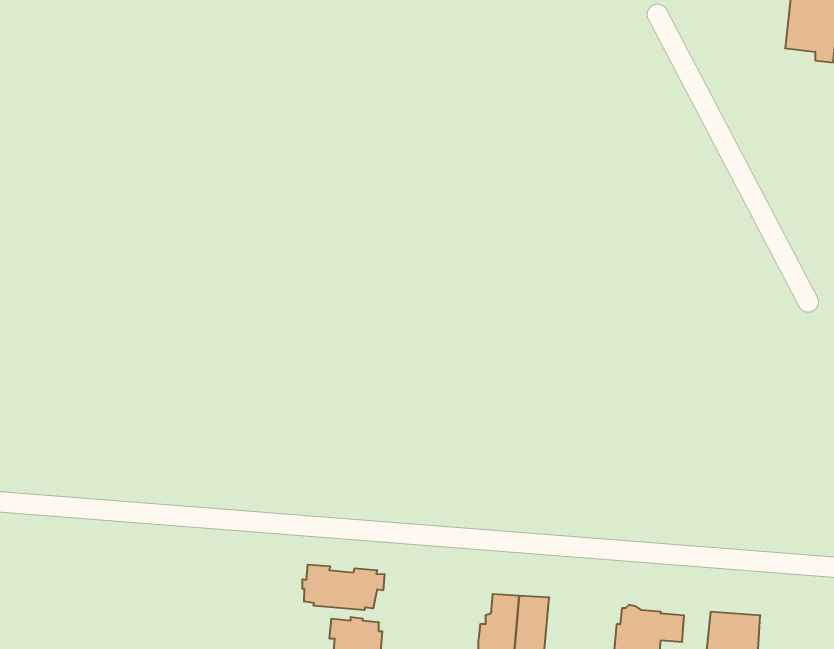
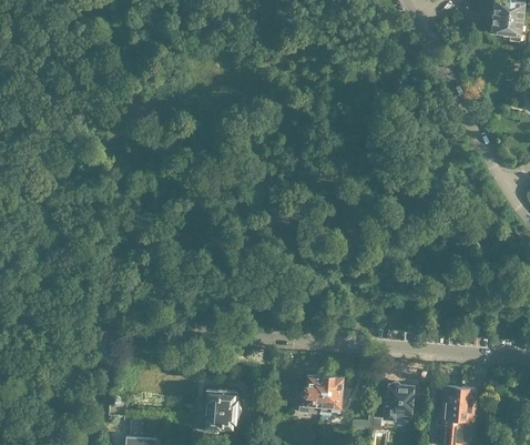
building: [303,565,385,610] -> none

